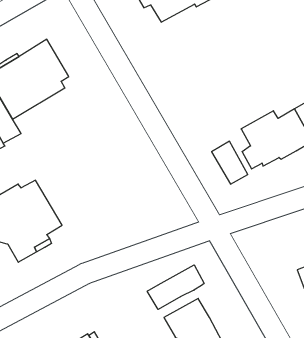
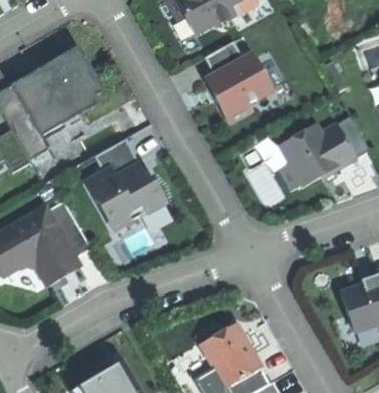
building: none -> [204,39,273,121]
building: none -> [85,138,166,228]
building: [147,265,204,309] -> none

